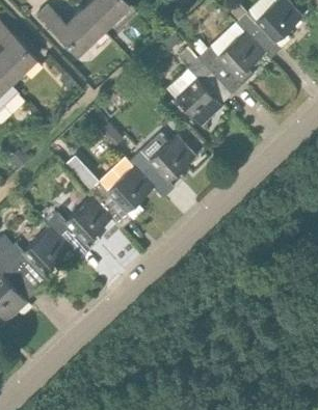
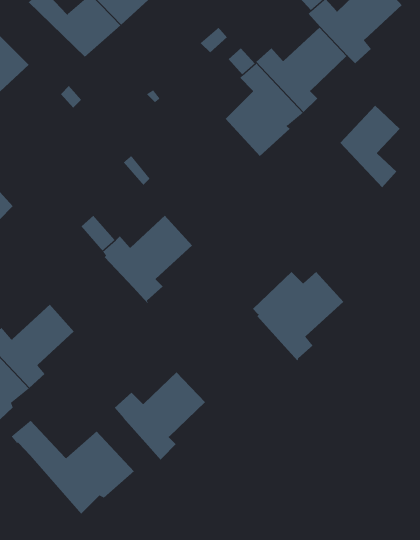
building: none -> [339,105,400,188]
building: [131,133,196,197] -> [252,271,344,361]
building: [46,195,111,258] -> [114,371,206,460]
building: none -> [11,420,135,514]

